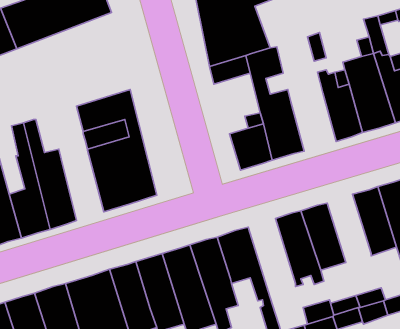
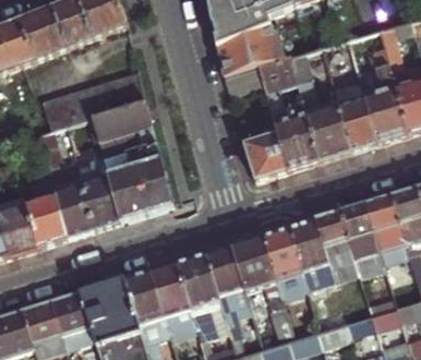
building: none -> [290,53,349,161]
building: none -> [40,71,145,130]
building: none -> [76,160,119,230]
building: none -> [340,204,384,276]
building: none -> [262,228,309,307]

